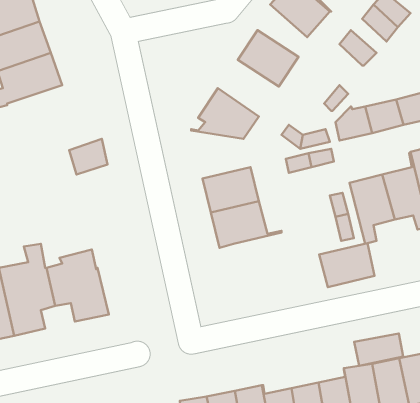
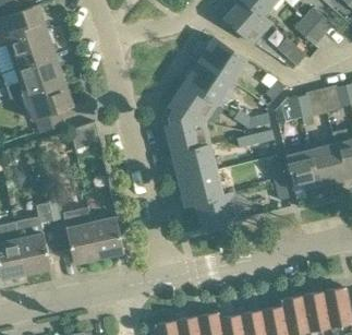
building: none -> [184,60,231,104]
building: none -> [22,80,74,131]
building: none -> [163,115,209,152]
building: [319,243,374,287] -> [196,193,239,227]
building: none -> [92,216,124,256]
building: [354,333,403,366] -> none

